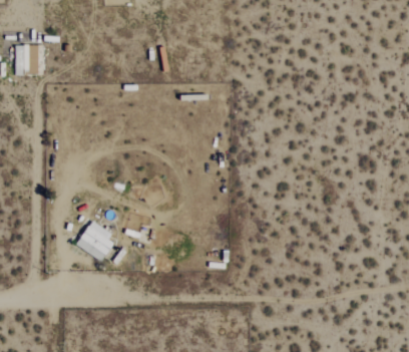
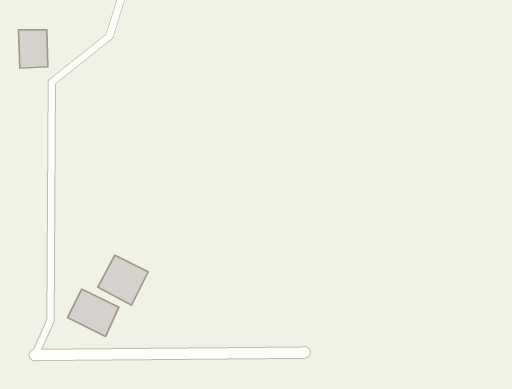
building: none -> [68,289,119,336]

